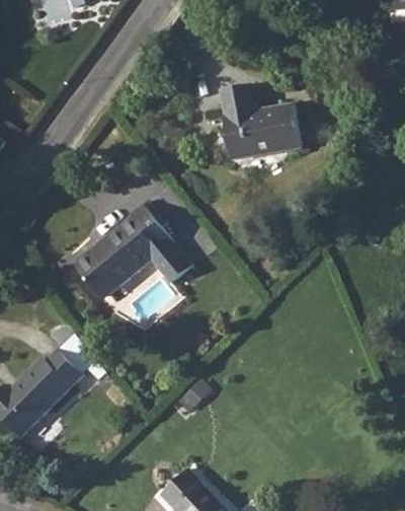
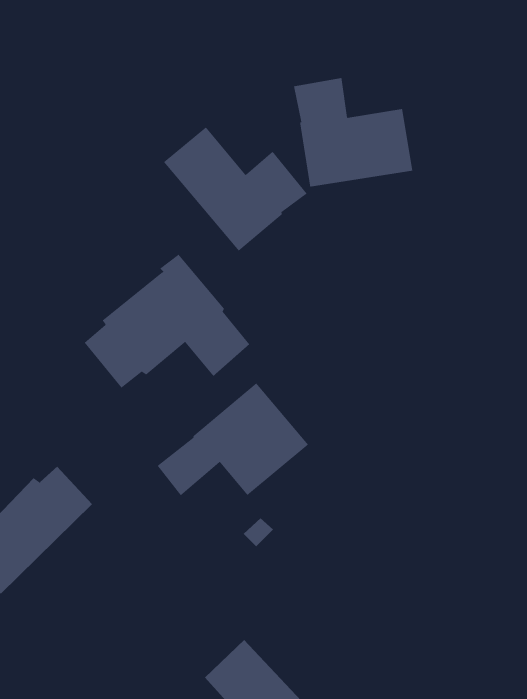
building: none -> [163,126,307,251]
building: none -> [157,383,309,496]

